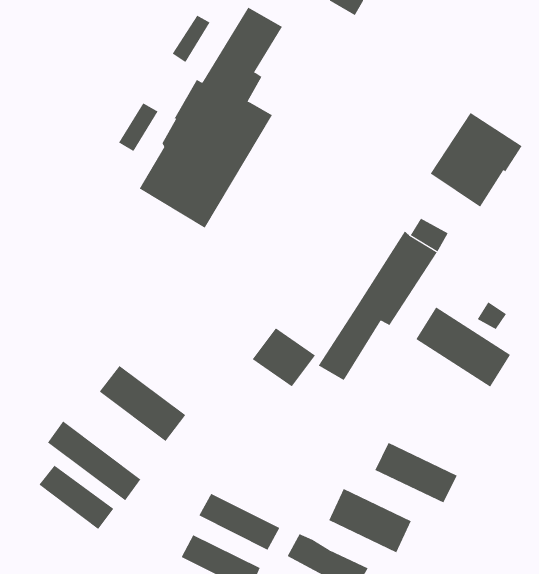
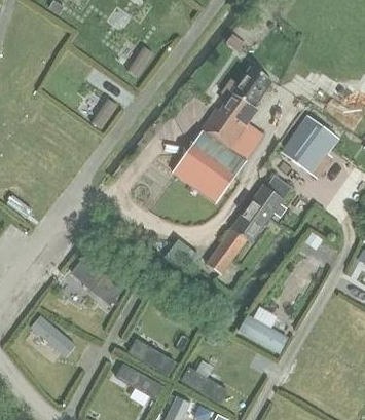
building: [139,7,283,229] -> [177,67,270,200]
building: [416,306,511,387] -> none
building: [47,421,141,501] -> none
building: [329,488,411,553] -> none

